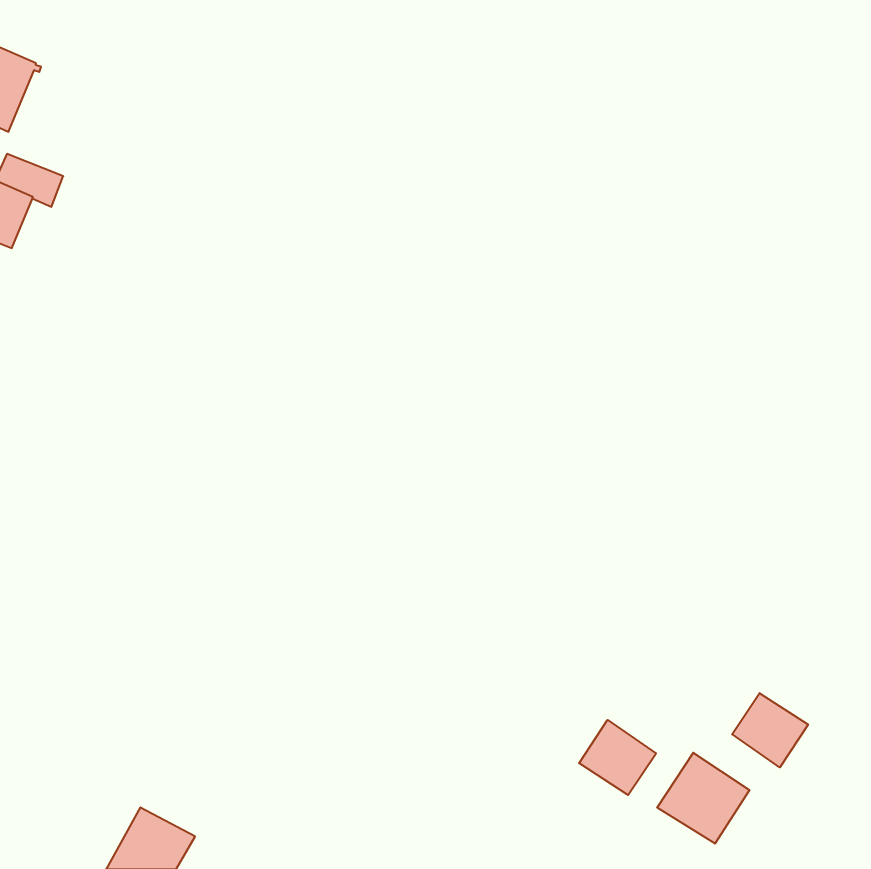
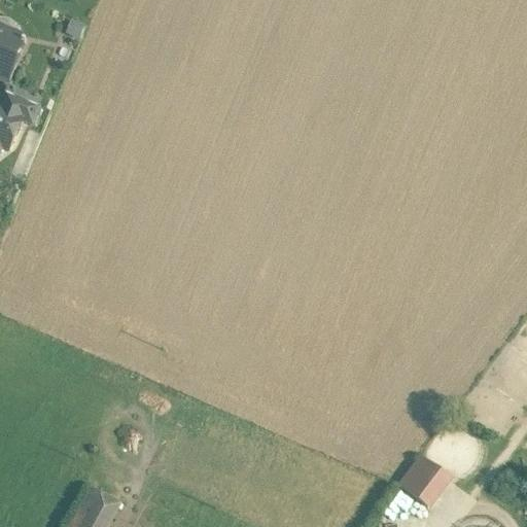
building: [732,693,808,767] -> none
building: [579,720,656,795] -> none

